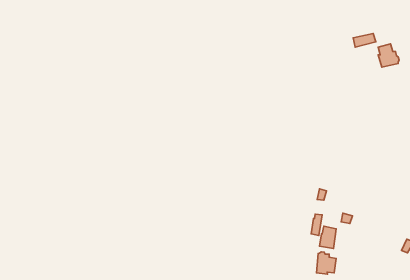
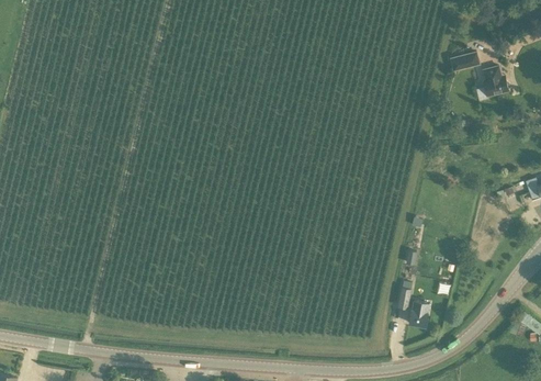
building: [316,252,336,274] -> none

